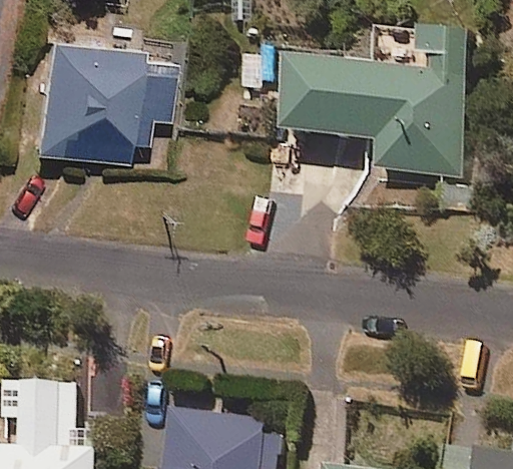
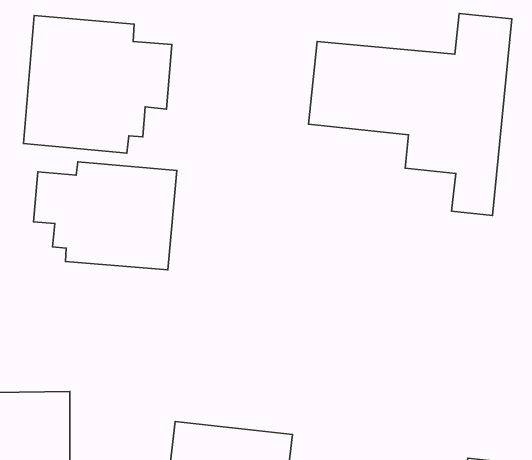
building: none -> [33,162,177,270]

